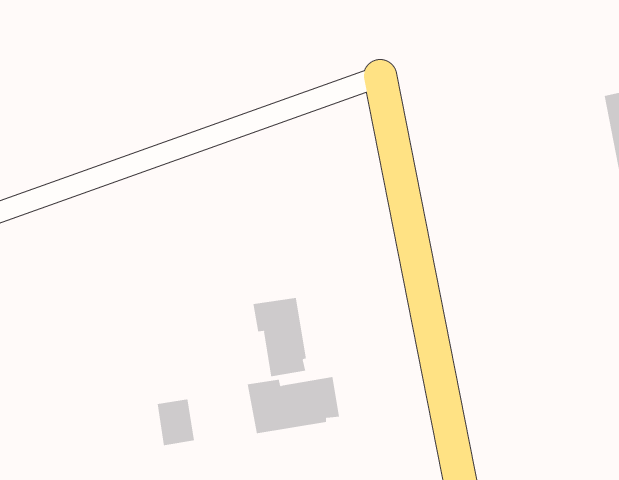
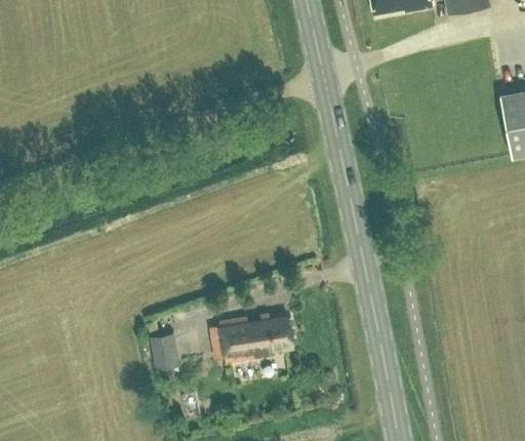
building: [253,297,307,377] -> none

